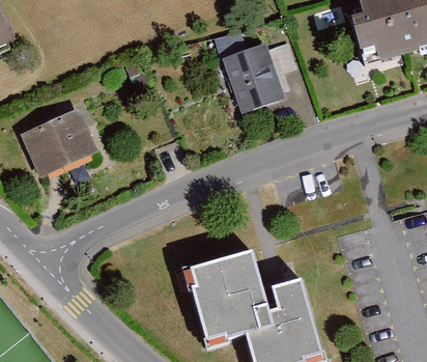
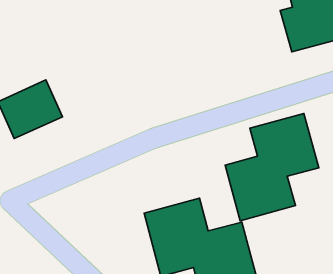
building: [218,39,290,116] -> none
building: none -> [225,114,319,221]

